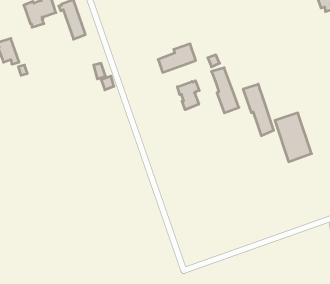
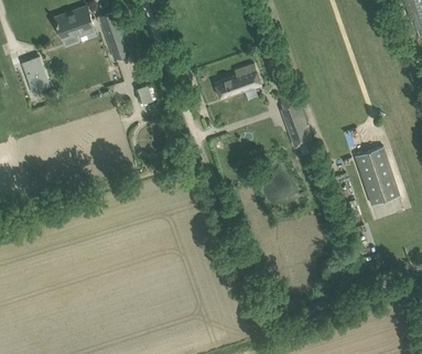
building: [177,81,199,110] -> none
building: [243,84,274,136] -> none

